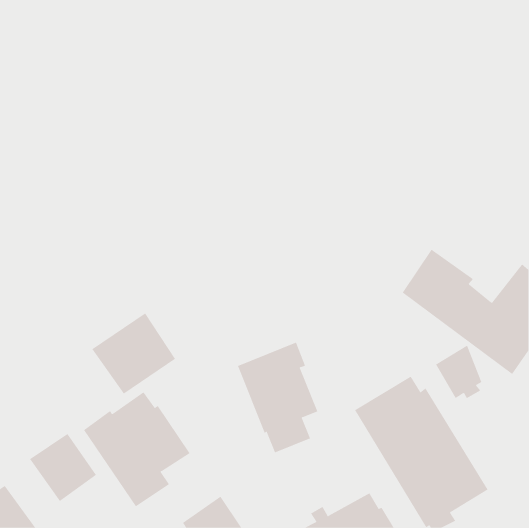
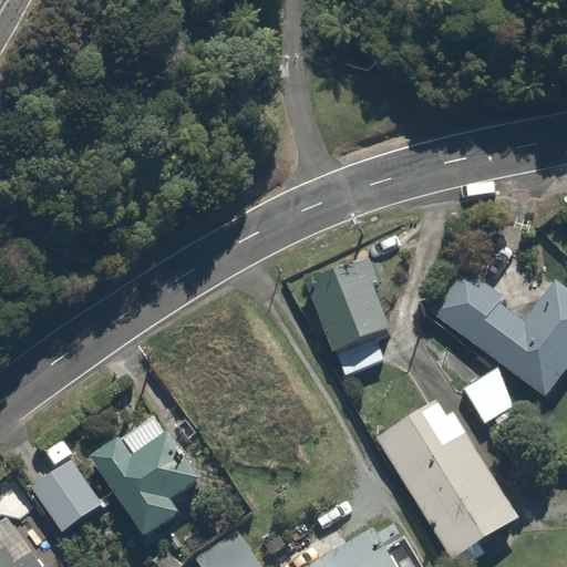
building: [91,312,176,395] -> none
building: [237,342,318,453] -> [305,257,391,375]

